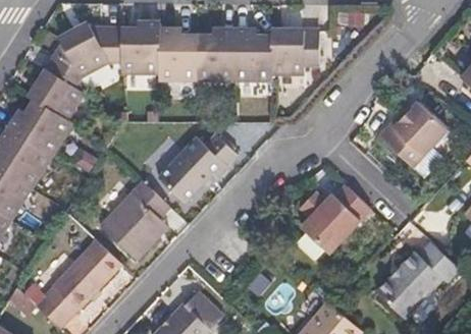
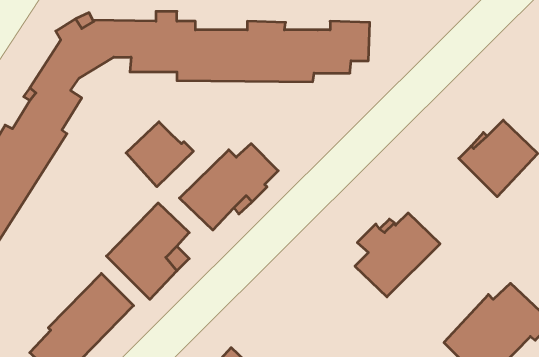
building: none -> [126,122,193,187]

